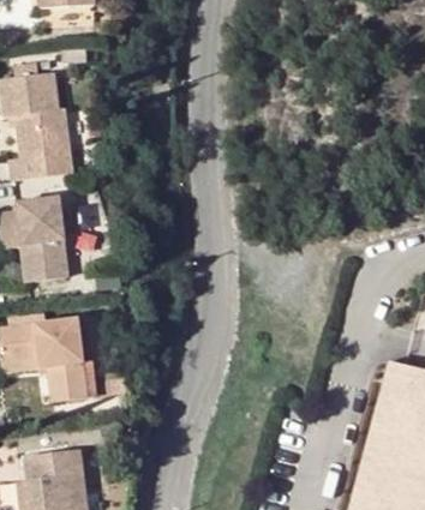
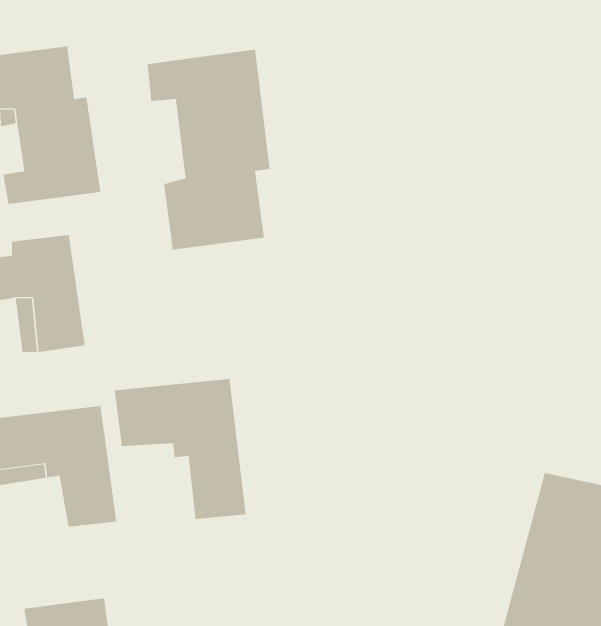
building: none -> [147,49,270,250]
building: none -> [114,378,246,520]

